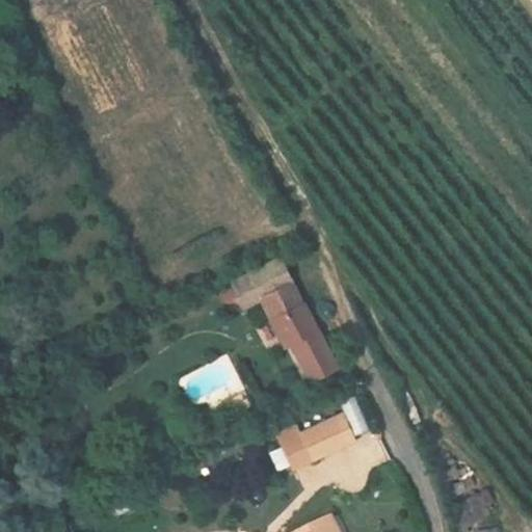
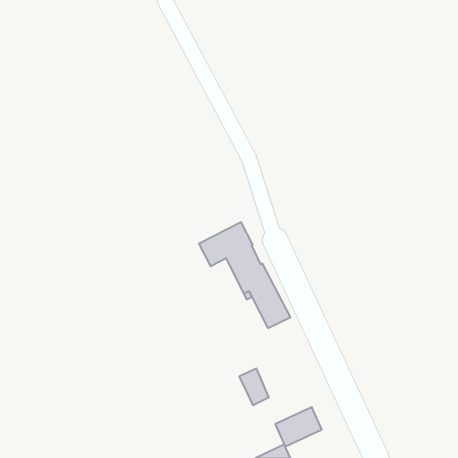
building: [300,415,354,460] -> [275,407,322,447]

